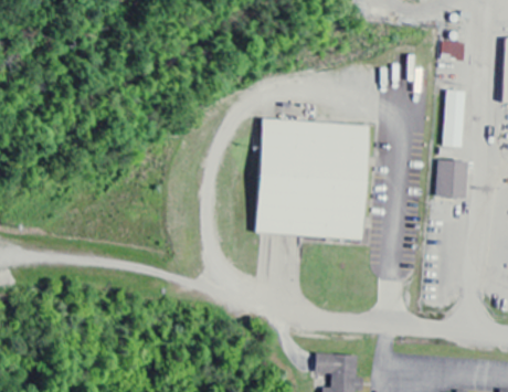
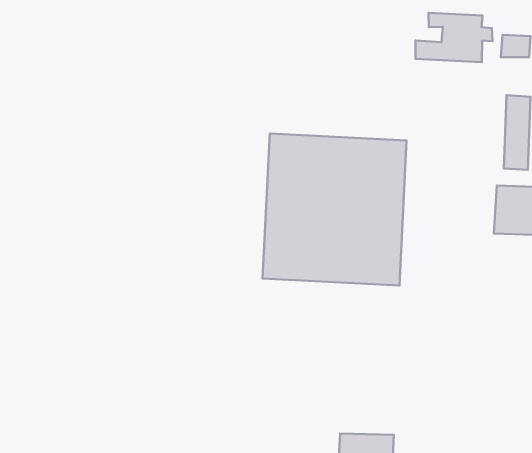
building: none -> [415,13,492,62]

